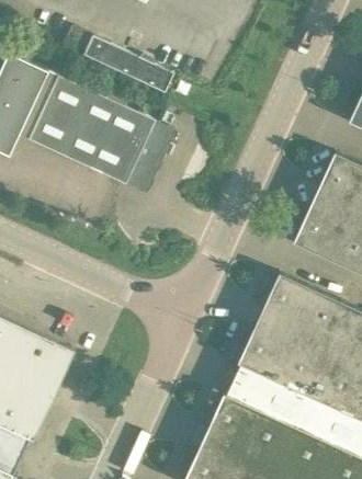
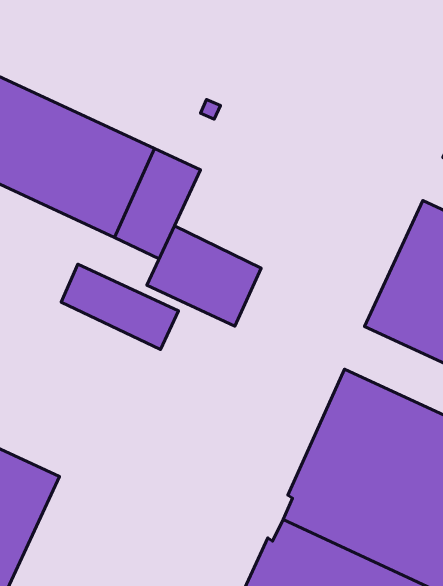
building: [83,35,174,93] -> none
building: none -> [147,226,261,326]
building: none -> [61,264,179,350]

